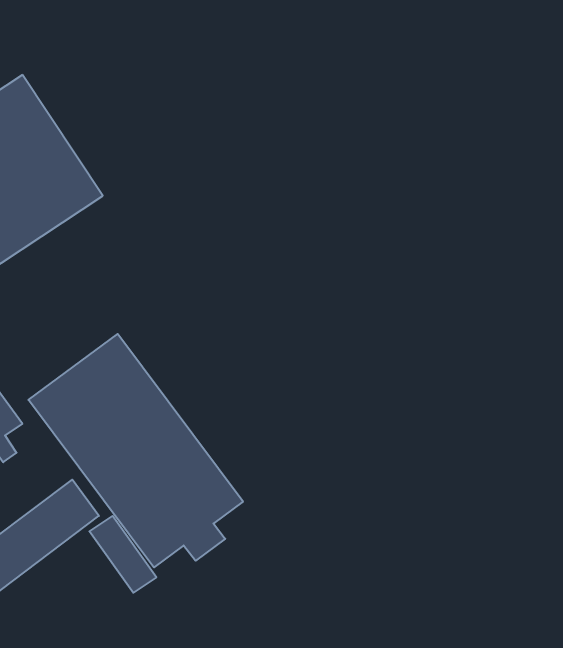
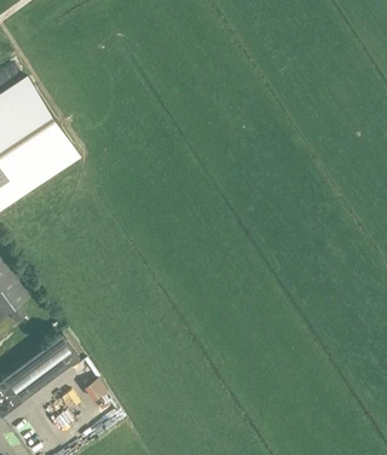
building: [28,334,243,567] -> none

